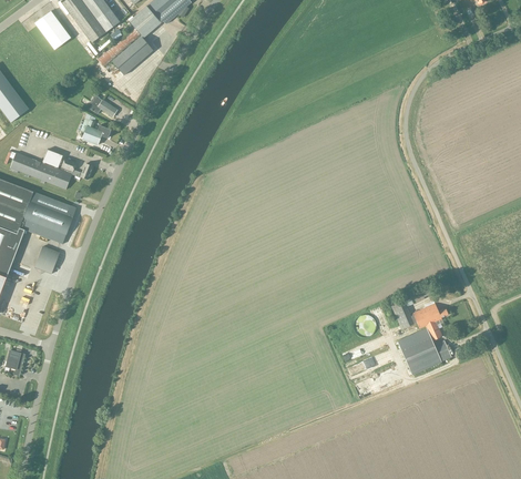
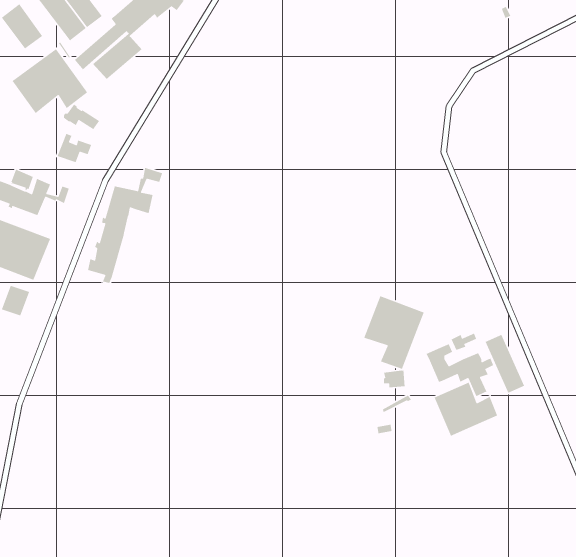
building: none -> [12,48,88,114]
building: none -> [87,167,163,284]
building: none -> [363,295,425,370]
building: none -> [484,334,525,394]

